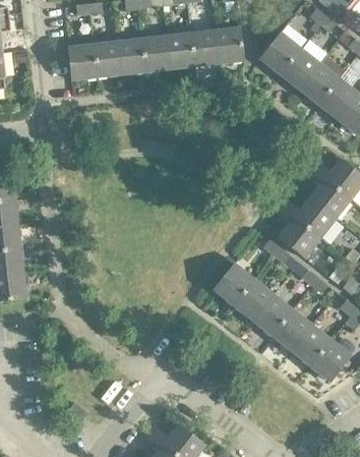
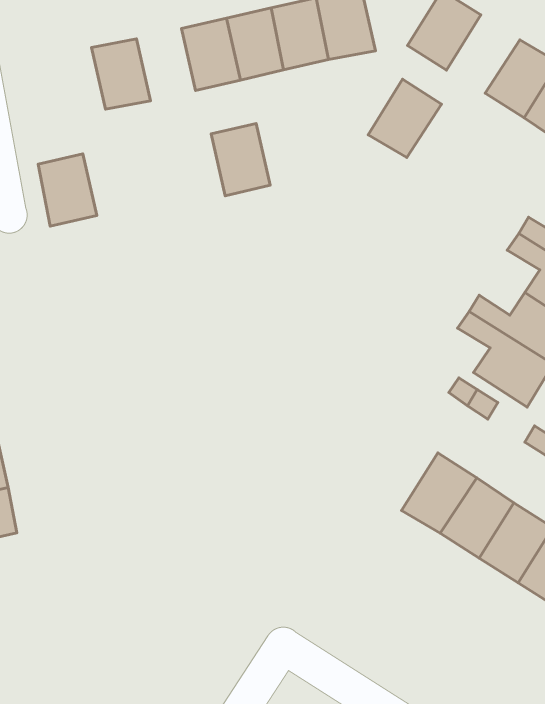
building: [117,39,145,75] -> [211,123,270,196]
building: [68,44,97,80] -> [38,154,97,226]
building: [280,48,320,90] -> [368,79,442,158]
building: [213,263,254,306] -> none

